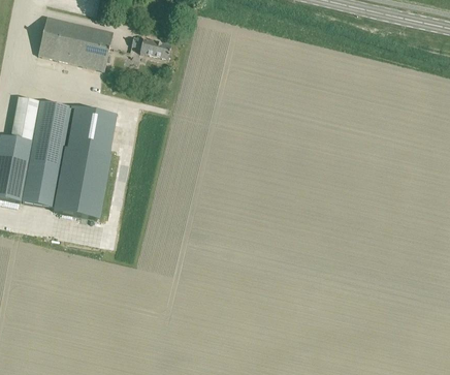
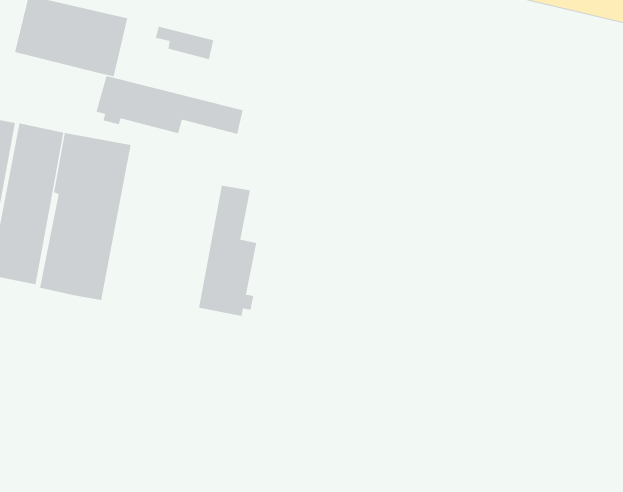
building: none -> [96,75,244,135]
building: none -> [198,185,257,317]

